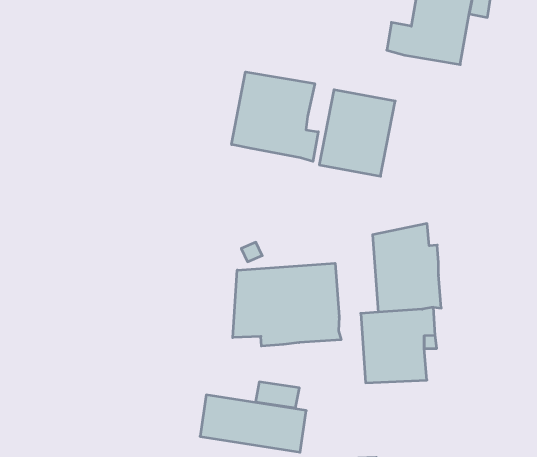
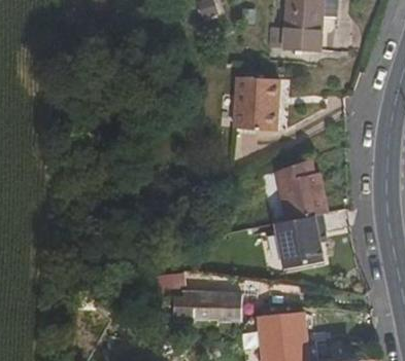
building: [232,72,318,161] -> none
building: [233,263,341,346] -> none

